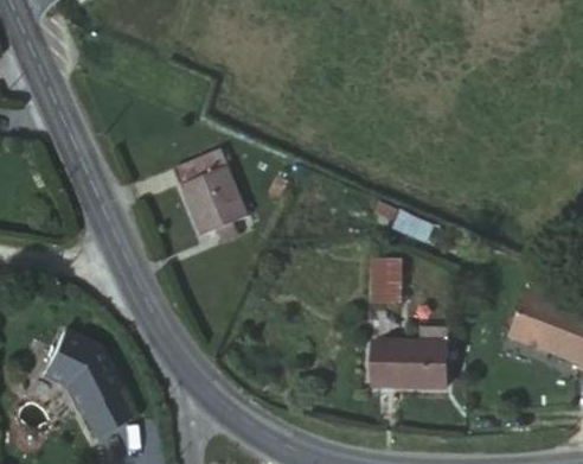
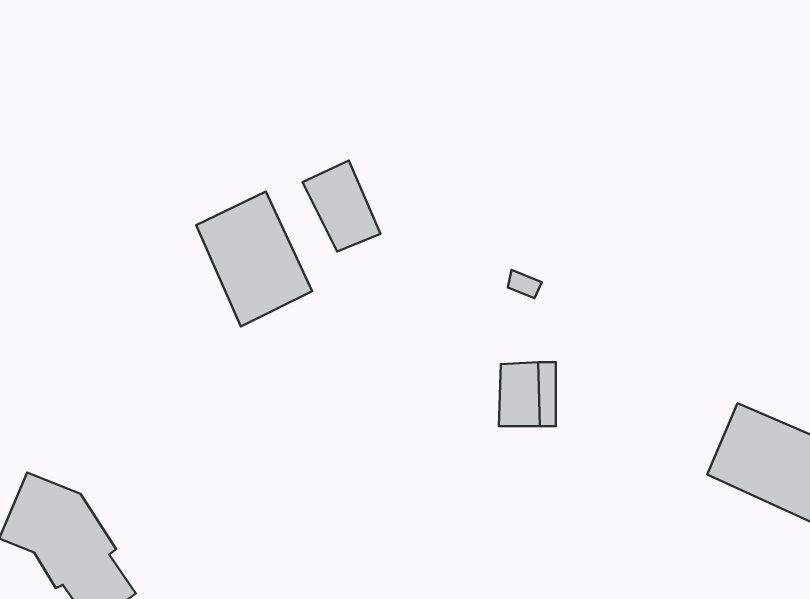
building: none -> [302,161,380,251]
building: [372,326,453,388] -> none

